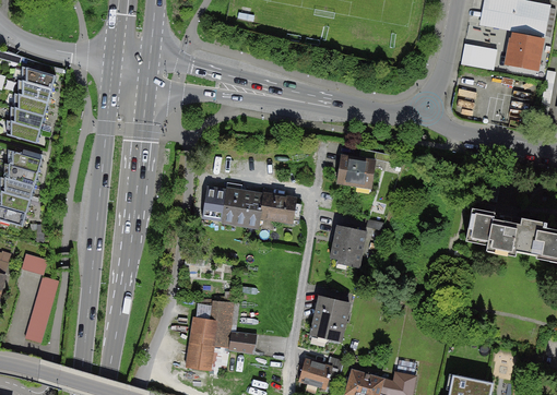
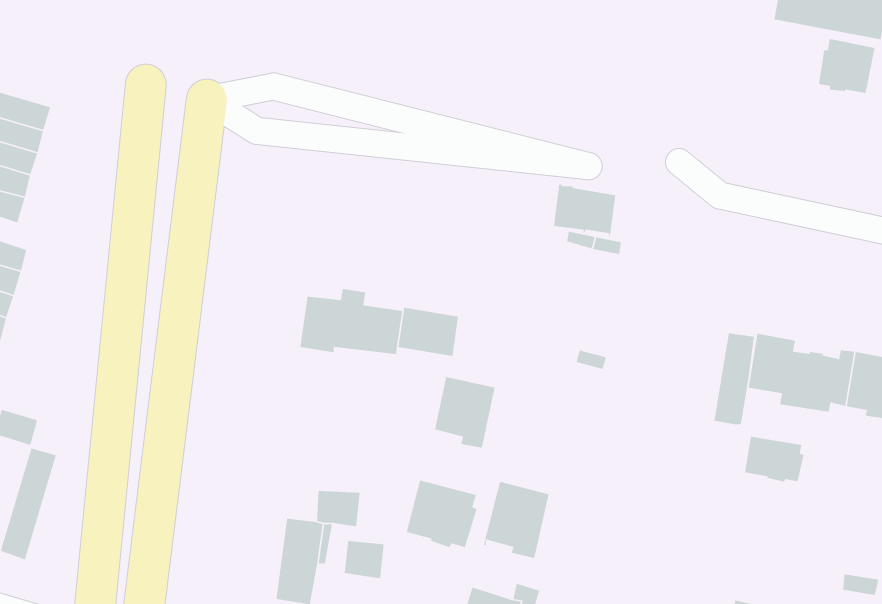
building: [469,46,496,69] -> none
building: [336,156,374,188] -> [553,184,616,238]
building: none -> [713,332,755,425]
building: [330,225,366,267] -> [434,376,495,448]
building: none -> [744,436,804,483]
building: none -> [406,480,477,548]

